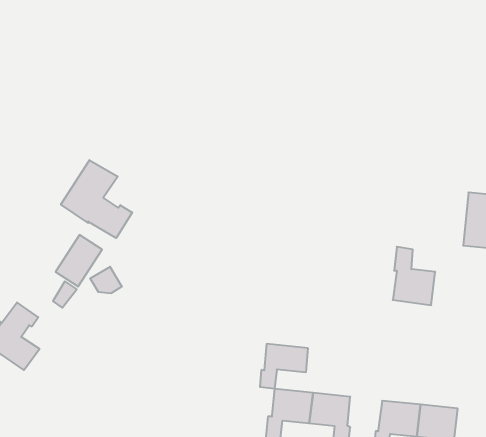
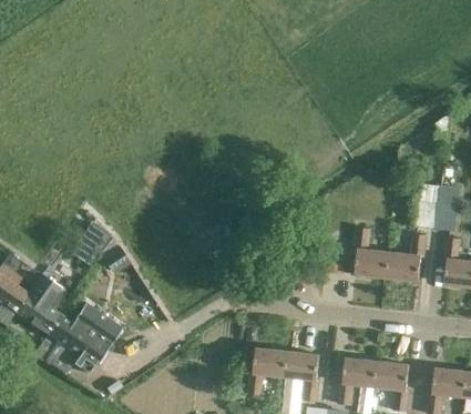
building: [61,160,132,238] -> none
building: none -> [387,234,426,281]
building: none -> [47,302,121,373]
building: [260,344,308,389] -> none

